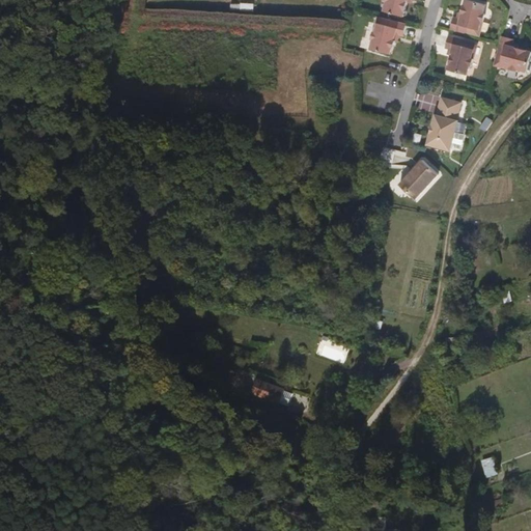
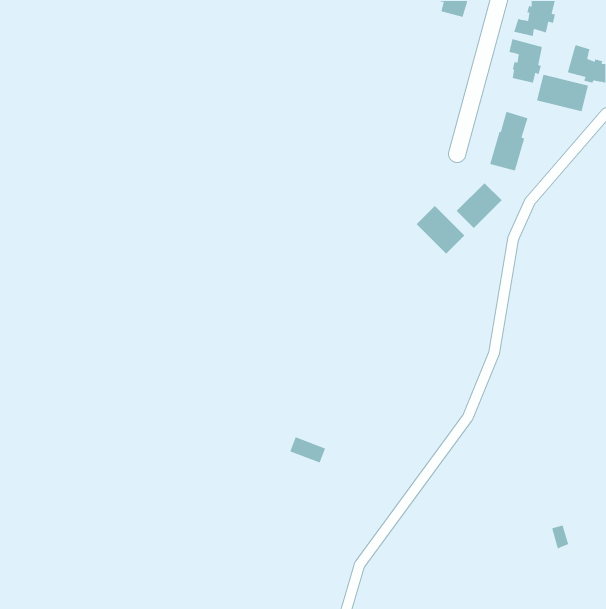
building: [370,20,406,54] -> none
building: none -> [536,74,589,112]
building: none -> [416,205,465,254]

